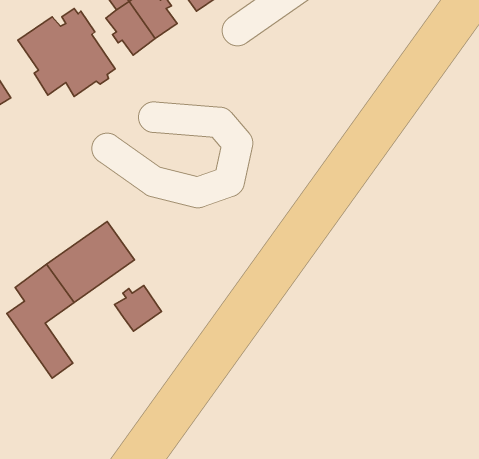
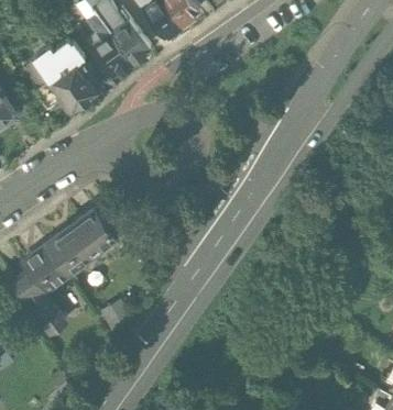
building: [115,285,161,331] -> none

